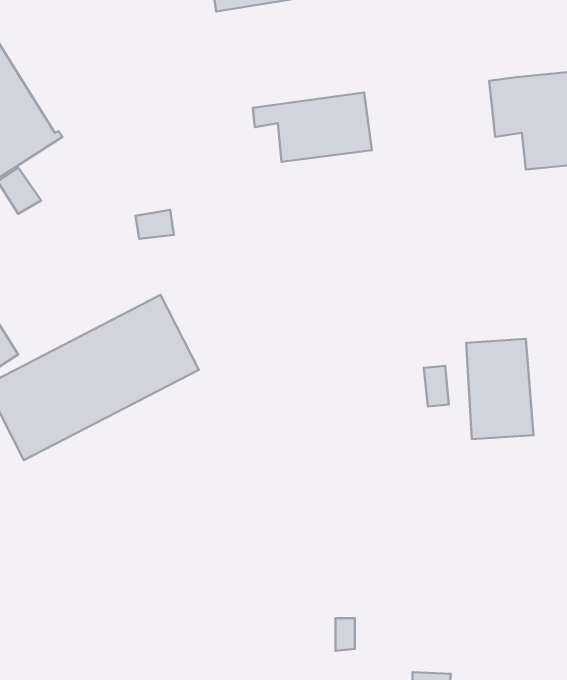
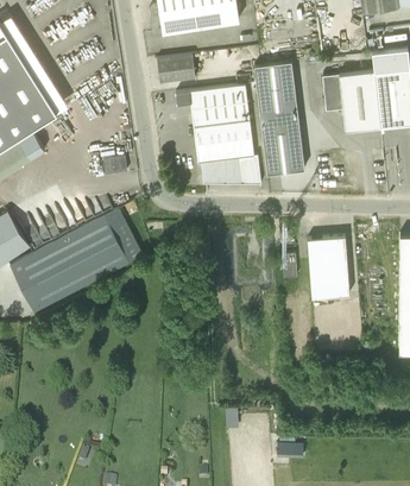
building: none -> [156,53,195,82]
building: none -> [253,58,304,171]
building: none -> [193,119,260,183]

